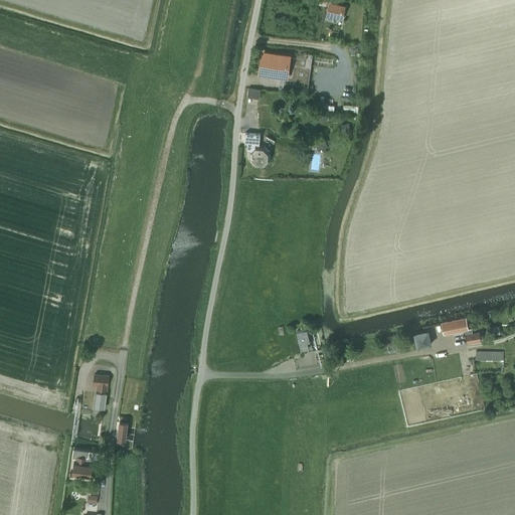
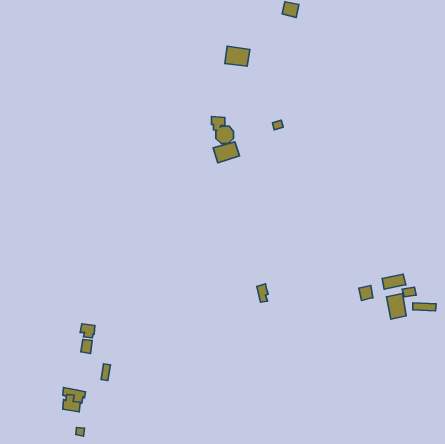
building: none -> [213,142,239,163]
building: none -> [386,293,406,319]

